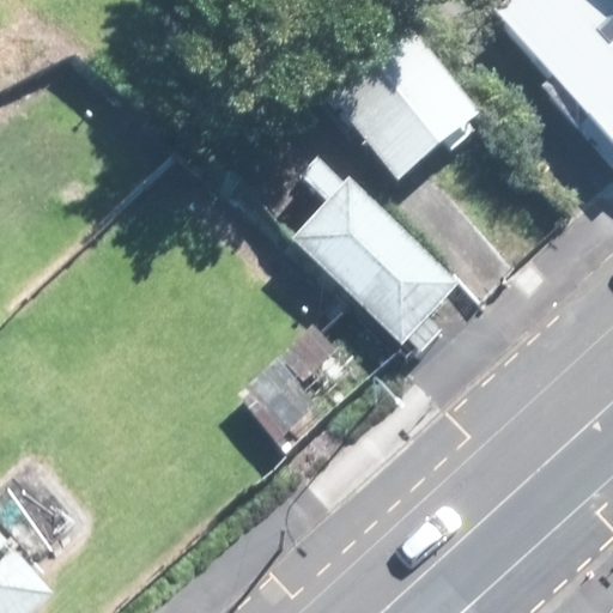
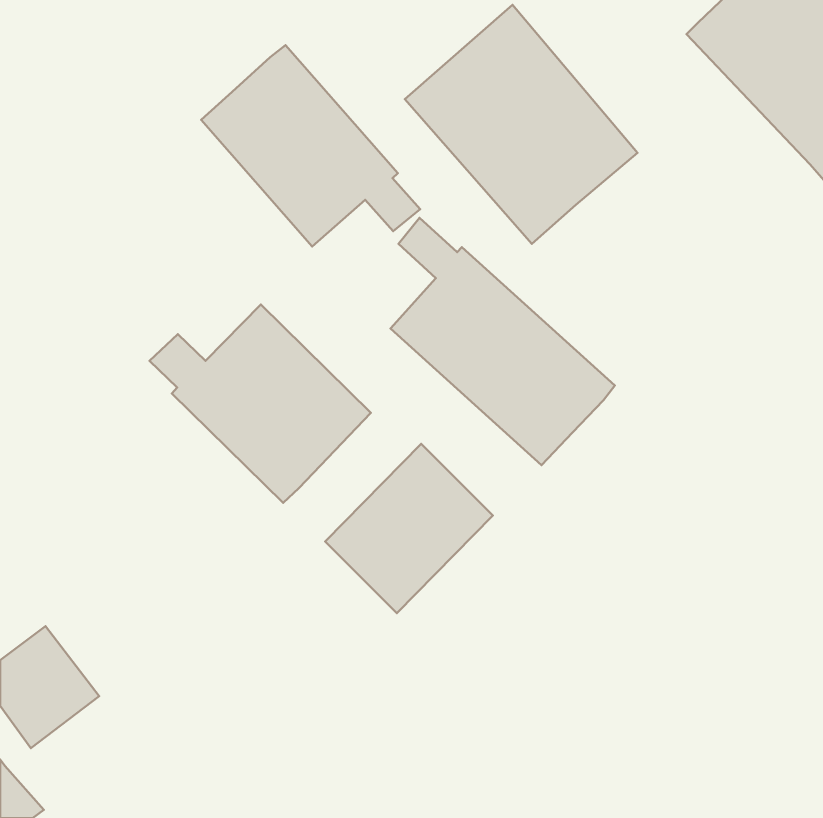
building: none -> [201,45,420,246]
building: none -> [150,304,371,503]

